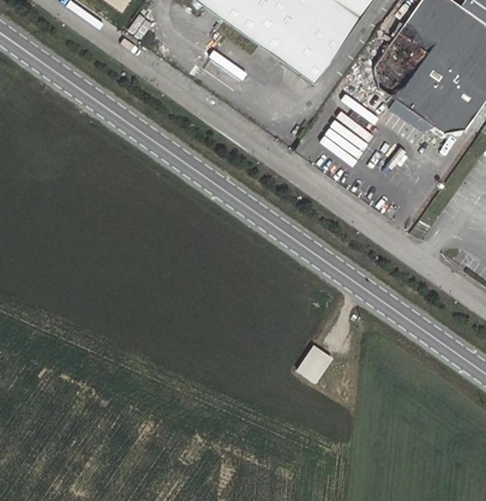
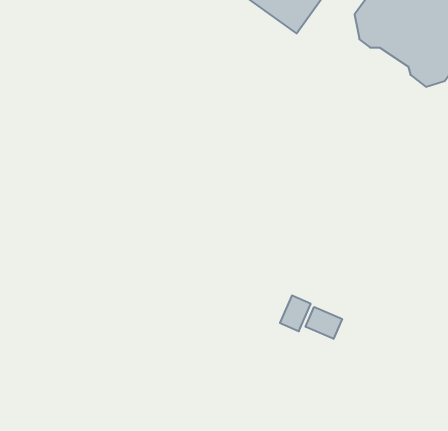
building: [389,99,427,132] -> none
building: none -> [306,307,342,339]

